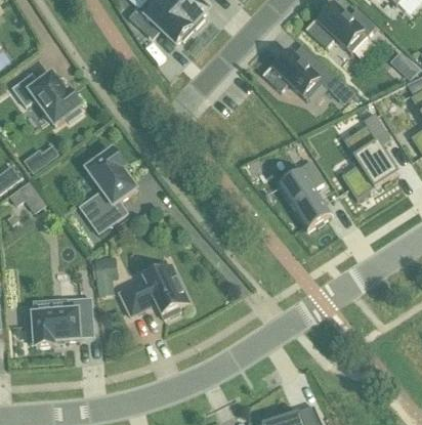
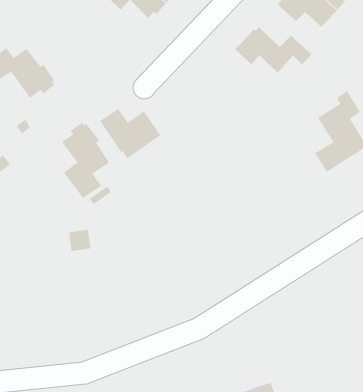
building: none -> [99,108,161,159]
building: [279,159,331,230] -> none
building: [120,263,189,317] -> none
building: [31,298,93,346] -> none

